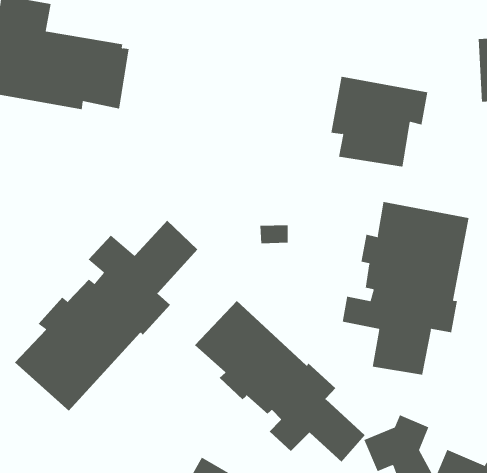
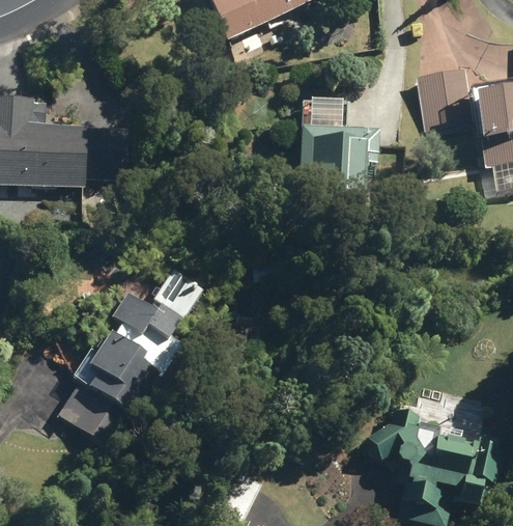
building: [342,201,469,376] -> none
building: [194,300,365,462] -> none

